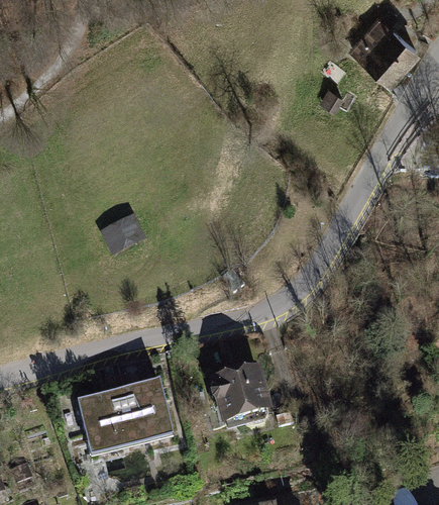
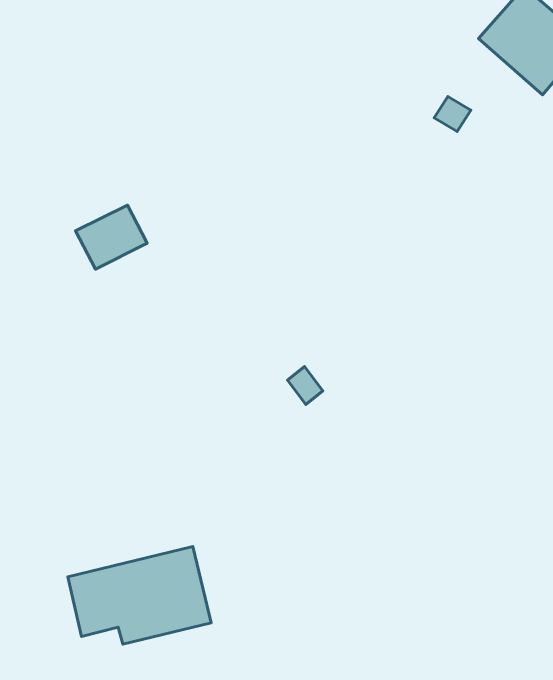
building: [100,211,147,254] -> [76,205,147,269]
building: [217,371,269,421] -> none

